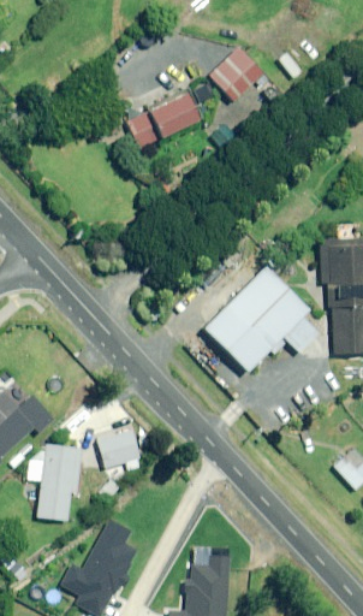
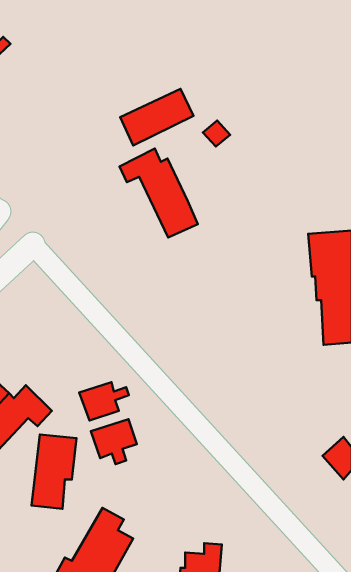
building: [208,46,263,101] -> none
building: none -> [120,149,198,238]
building: [201,266,316,371] -> none
building: none -> [79,382,129,421]

